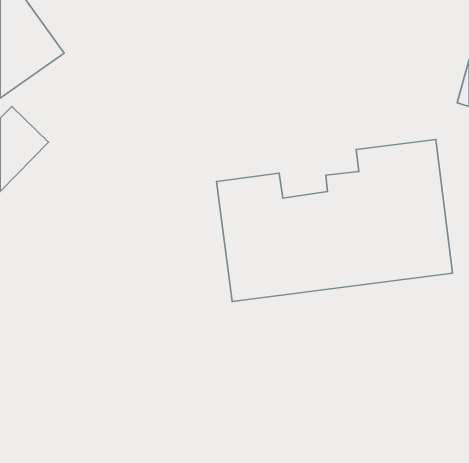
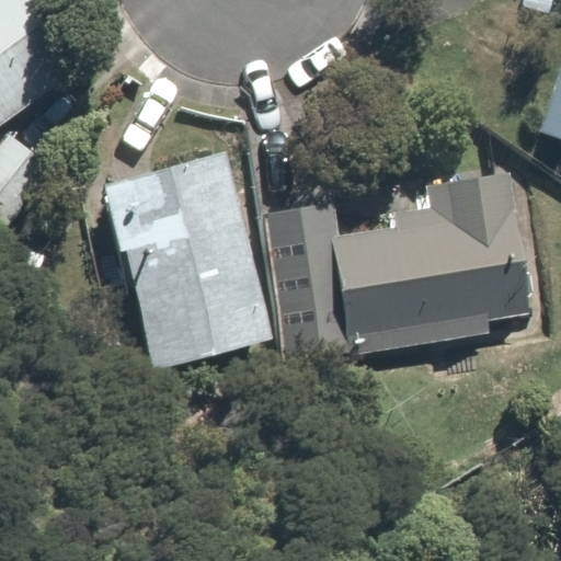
building: none -> [108,165,266,364]

